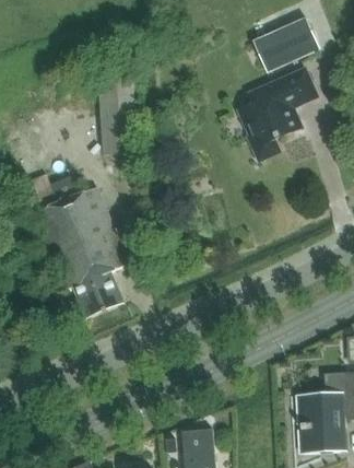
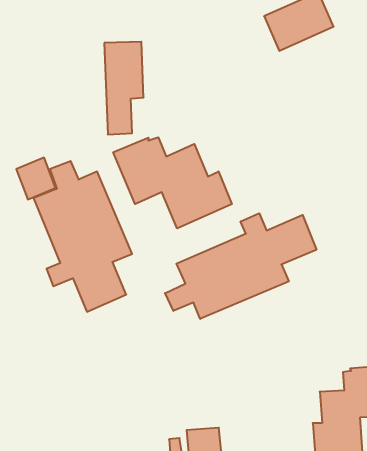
building: [238,69,317,157] -> none
building: none -> [113,137,232,228]
building: none -> [165,213,316,319]

